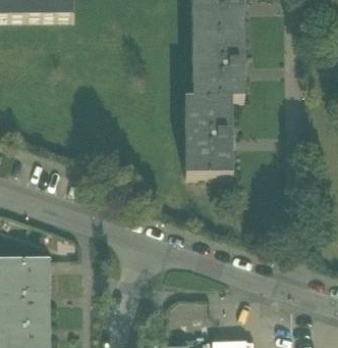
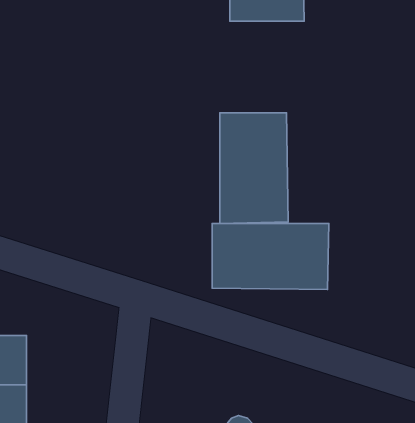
building: [192,37,244,101] -> none
building: none -> [212,223,329,290]

